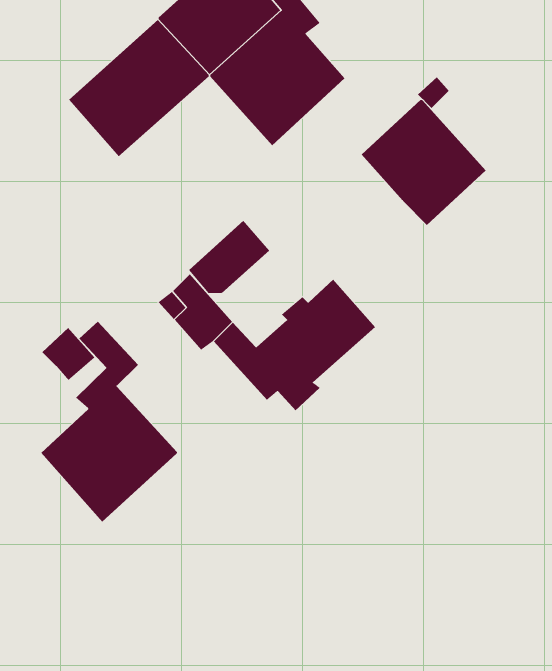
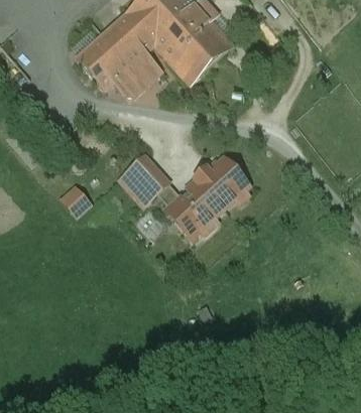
building: [361,99,486,226] -> none
building: [188,220,270,293] -> [113,52,159,94]
building: [40,321,178,522] -> none

